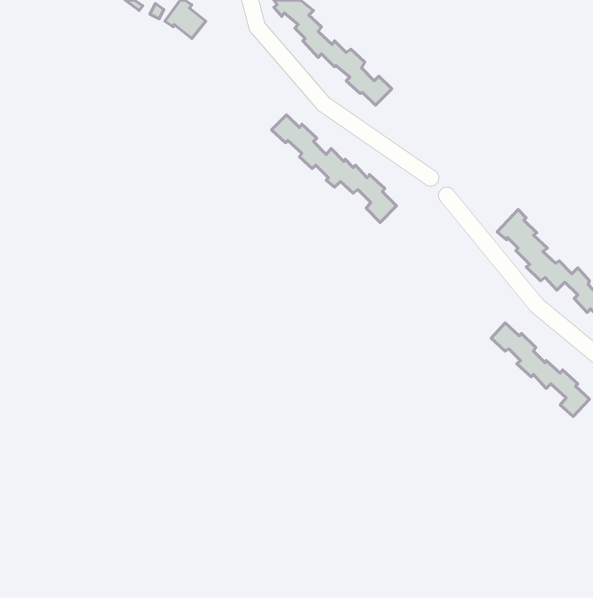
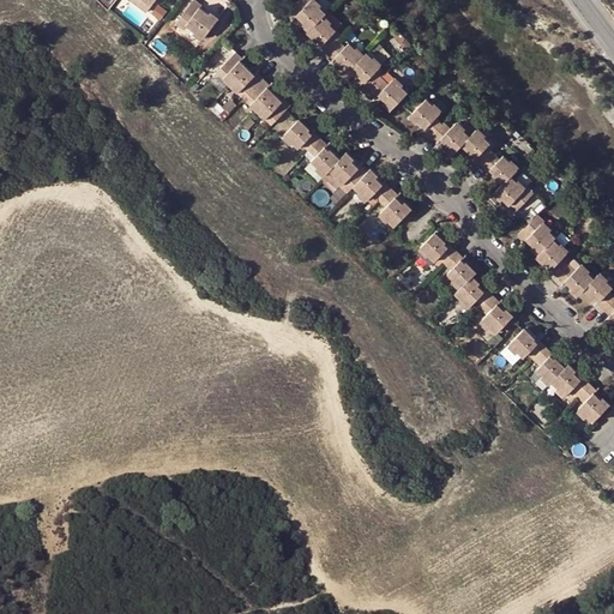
building: none -> [215,48,291,124]
building: none -> [407,100,528,218]
building: none -> [420,233,512,336]

